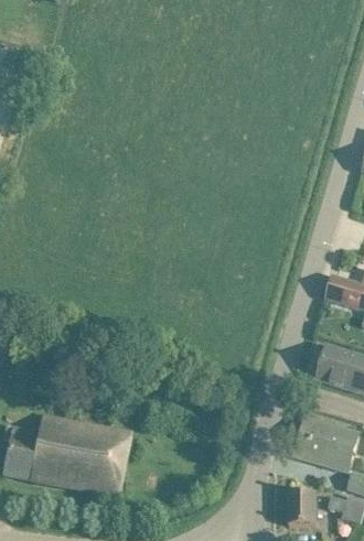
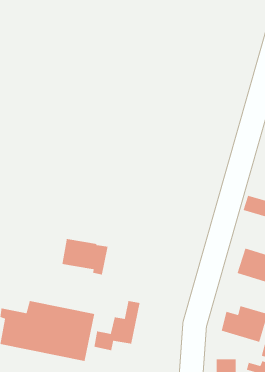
building: none -> [61,238,108,275]
building: none -> [93,300,141,351]

